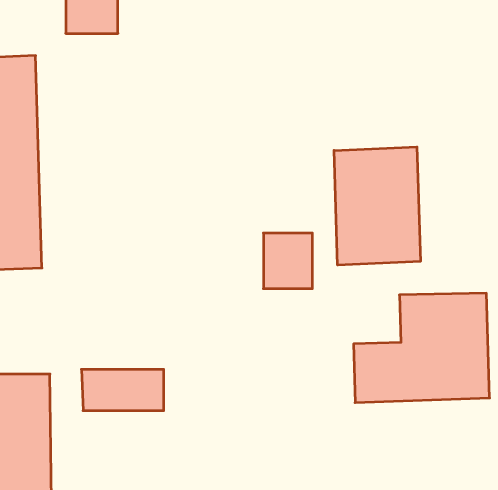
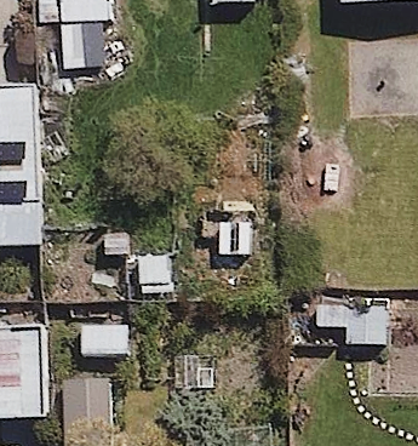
building: [334,147,420,265] -> none

